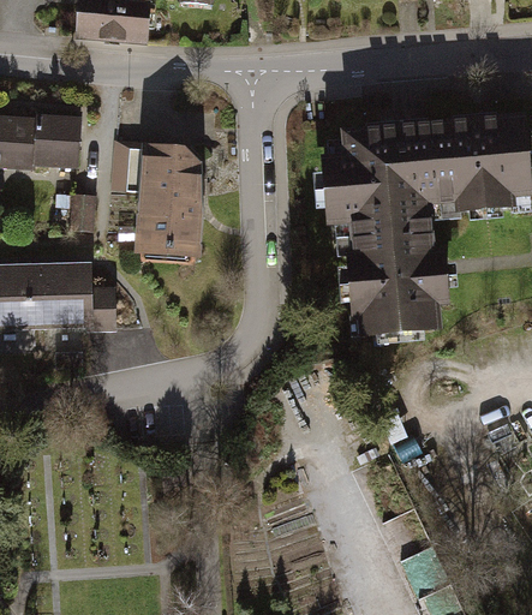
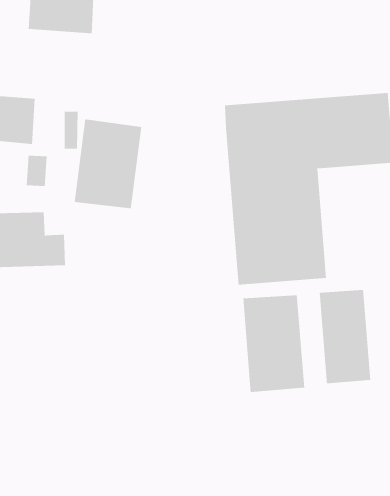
building: none -> [319,289,371,384]
building: none -> [243,294,305,393]

